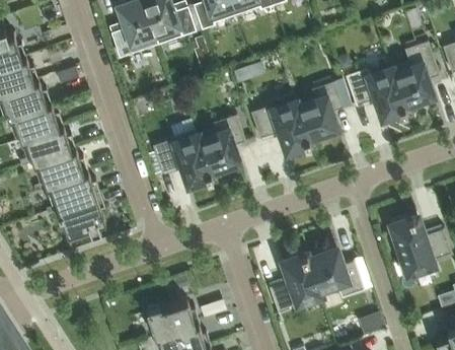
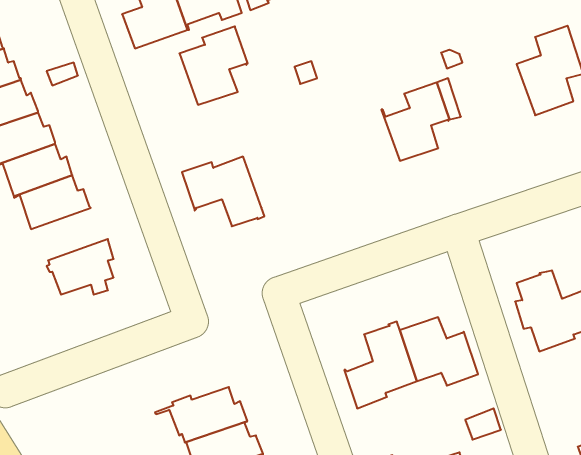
building: [346,69,406,119] -> none
building: [250,101,310,151] -> none
building: [197,116,245,171] -> [179,26,248,105]
building: [46,171,100,209] -> none

